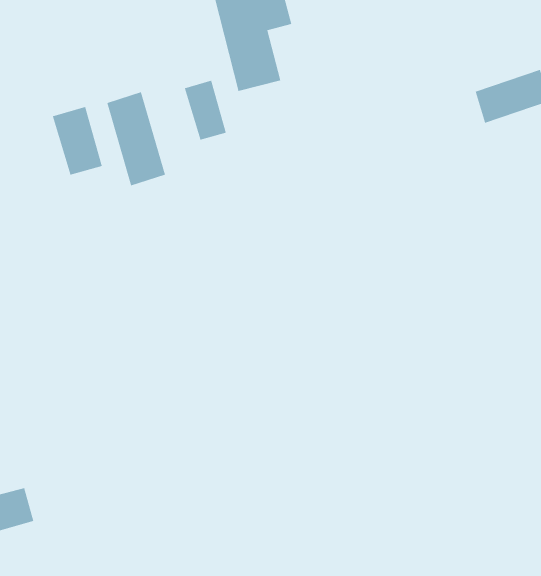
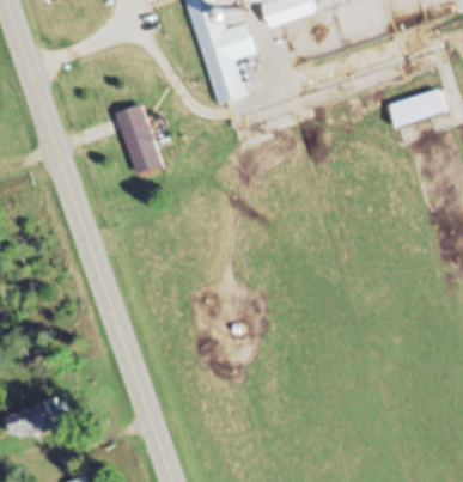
building: [184,80,226,140] -> none
building: [52,106,102,175] -> none

